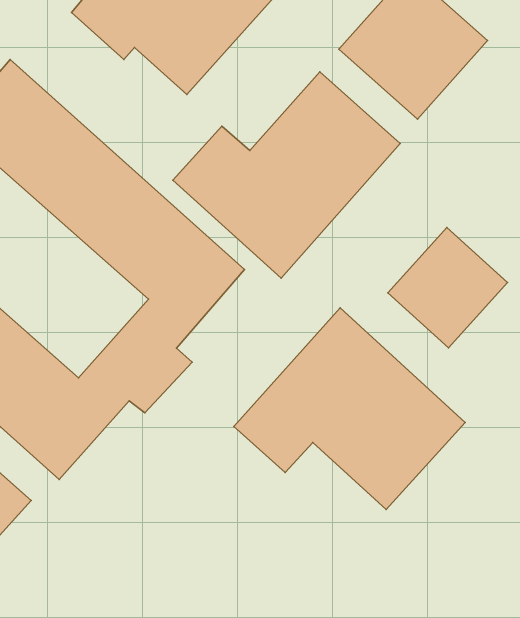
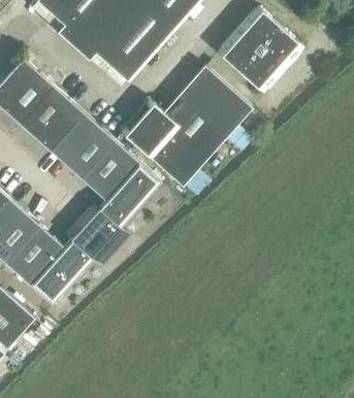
building: [388,228,508,348] -> none
building: [234,308,465,510] -> none

